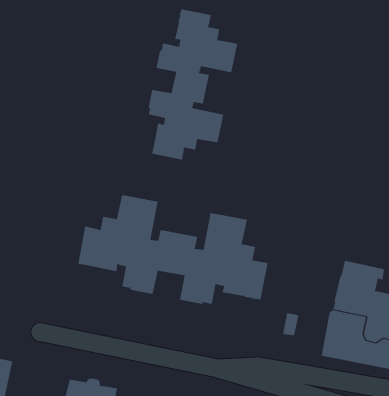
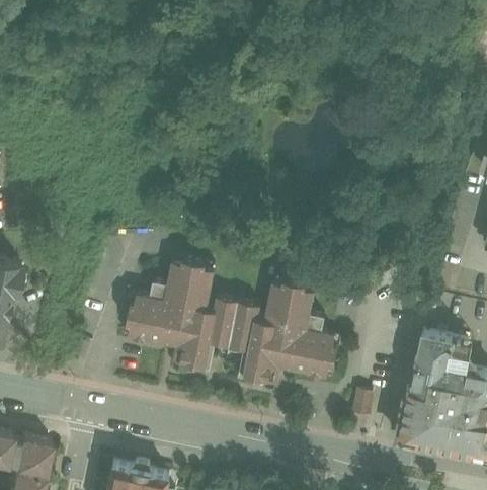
building: [148,8,238,161] -> none

